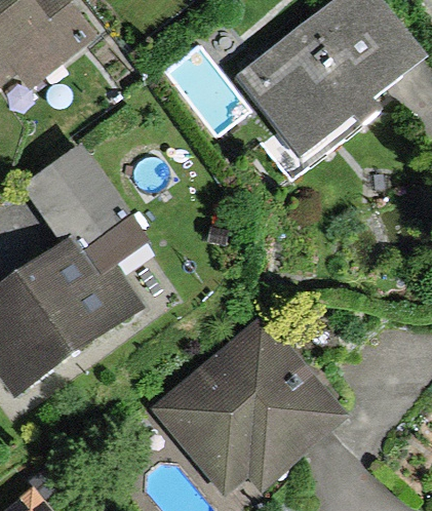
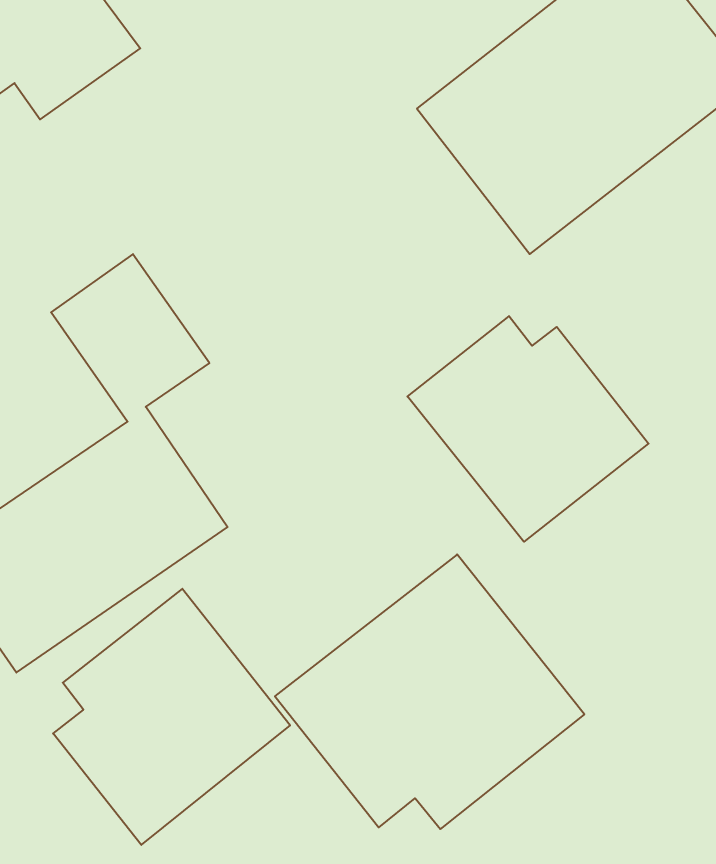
building: none -> [407,316,649,542]
building: none -> [53,589,290,845]

